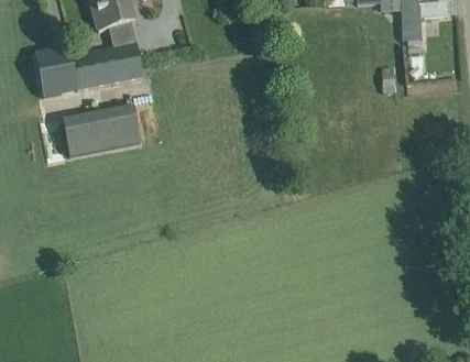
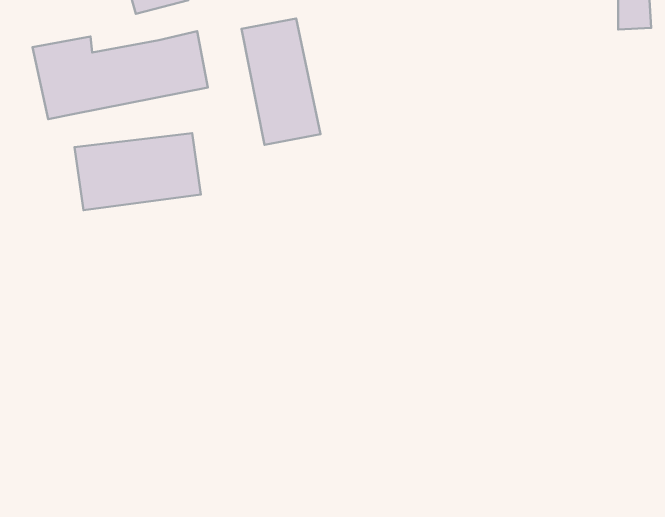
building: none -> [242,18,321,145]

